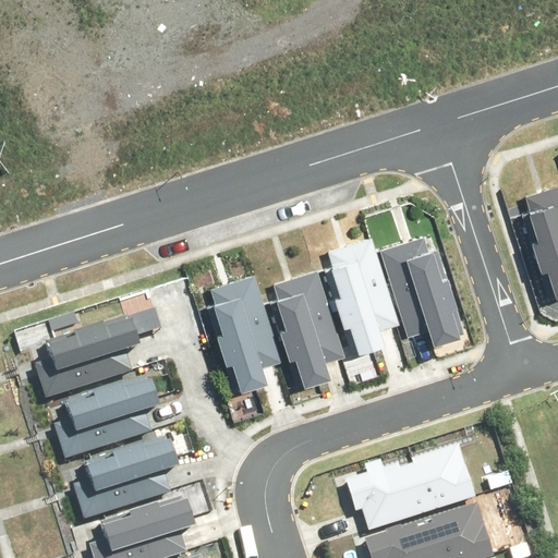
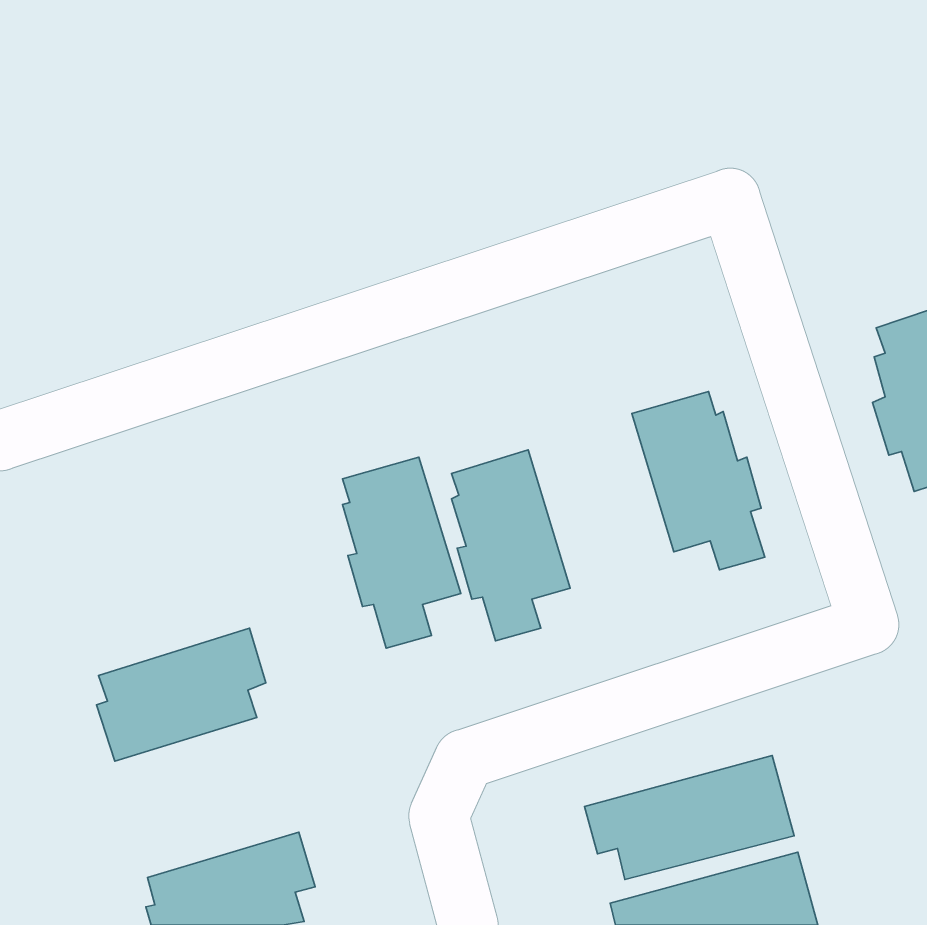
building: [327,239,398,353] -> none
building: [40,317,142,397] -> none
building: [77,434,179,513] -> none

